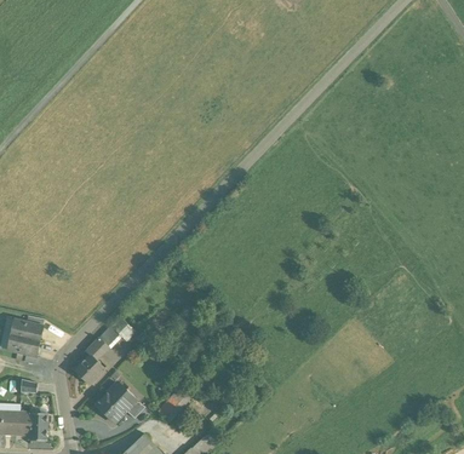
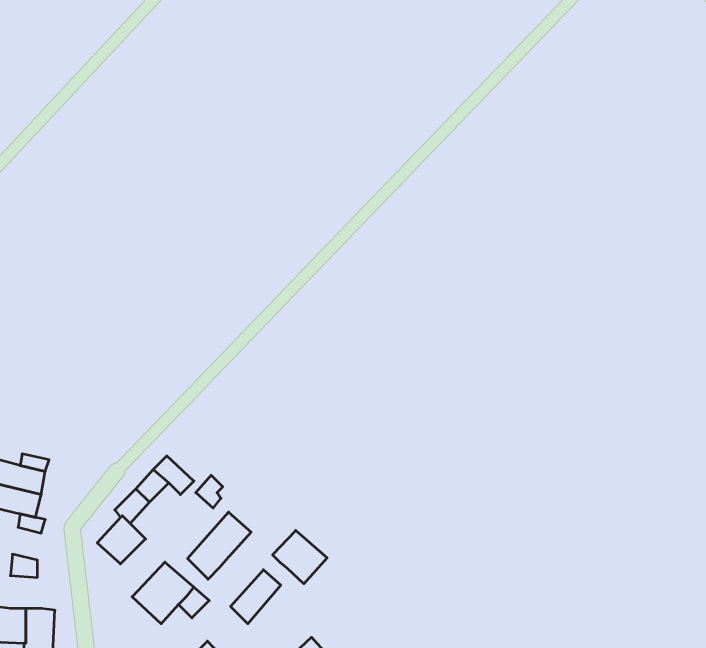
building: none -> [188,512,251,579]
building: none -> [273,530,327,584]

